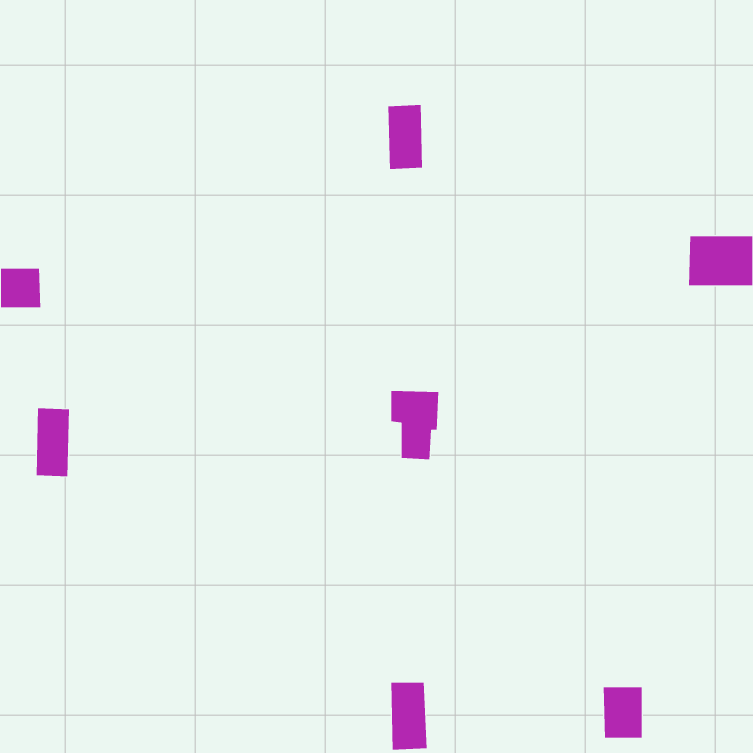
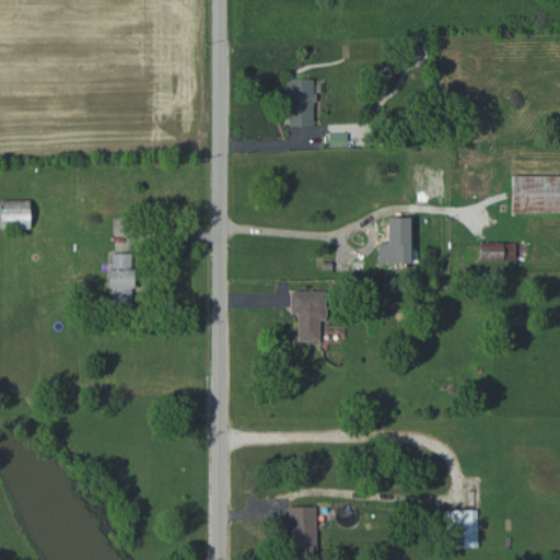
building: none -> [377,217,411,264]
building: none -> [479,242,527,261]
building: [36,408,70,477] -> [108,253,133,304]

